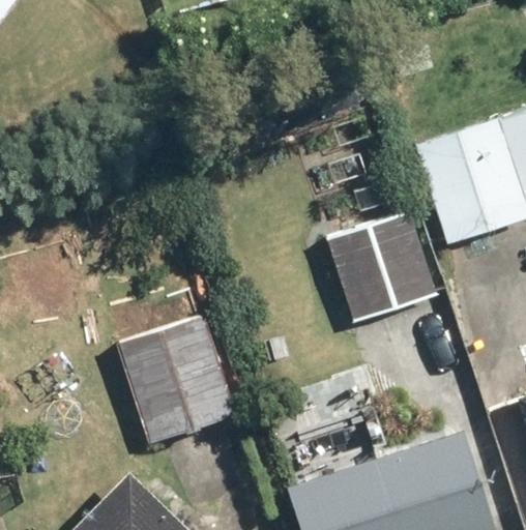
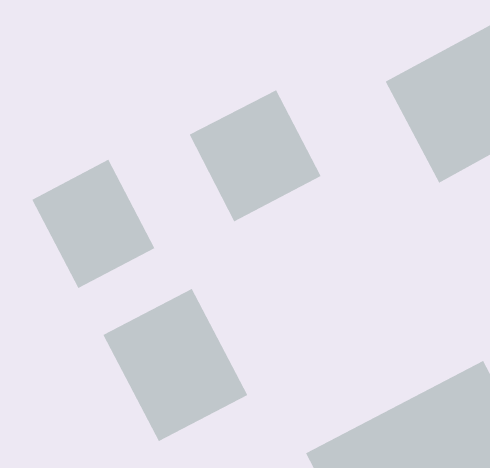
building: none -> [31,159,155,289]
building: [322,212,439,329] -> [189,89,321,222]

